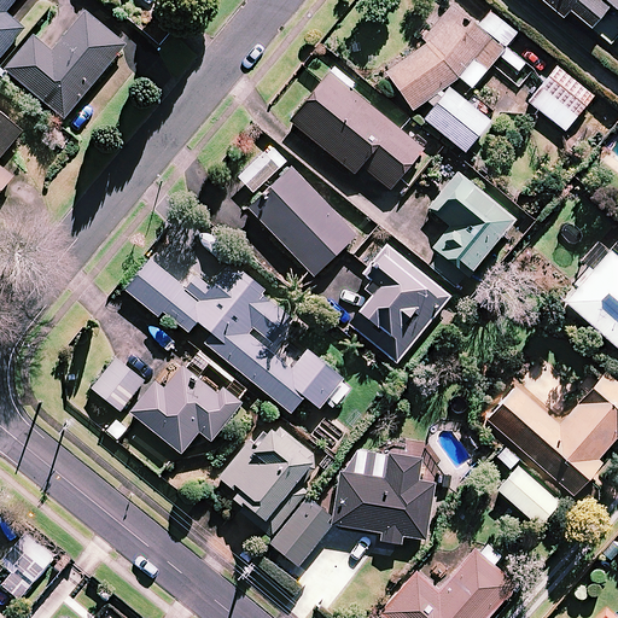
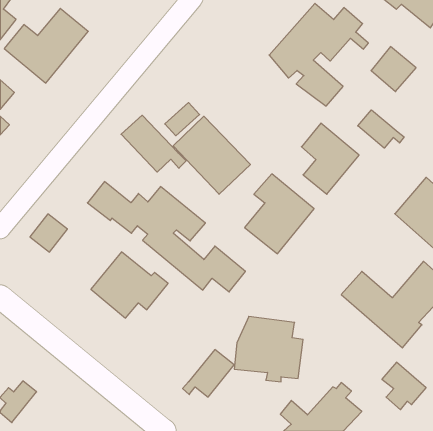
building: [291,72,422,188] -> none
building: none -> [358,110,404,148]
building: none -> [121,115,186,172]
building: [92,356,145,410] -> [30,214,67,252]
building: [217,421,313,521] -> none
building: [496,465,559,532] -> [382,362,426,410]

